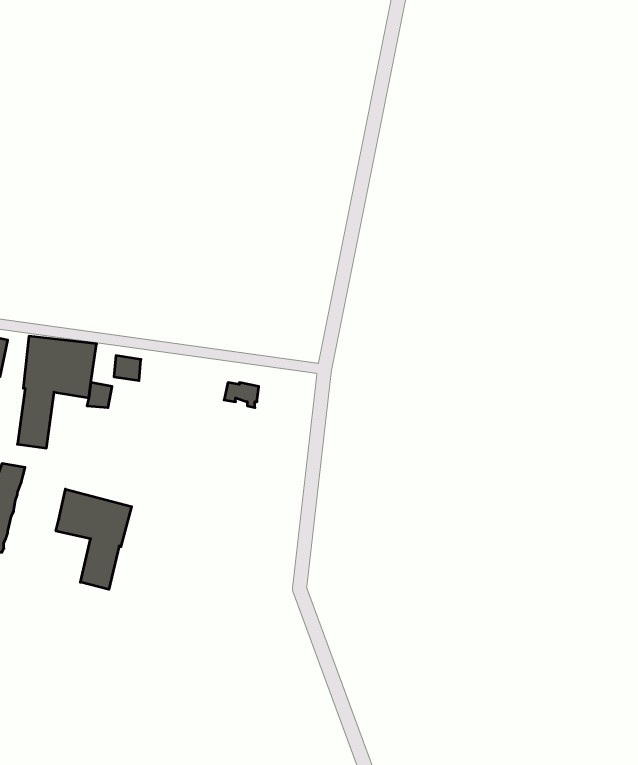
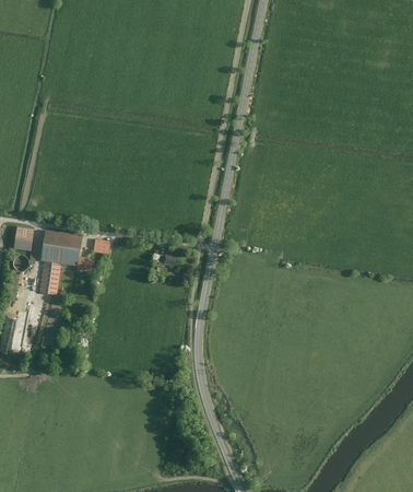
building: [56,489,132,589] -> none

